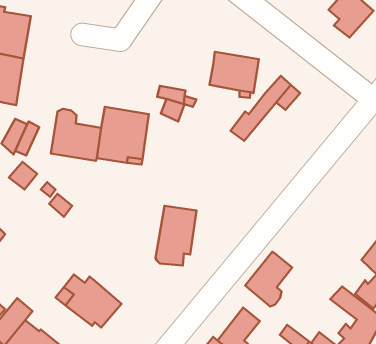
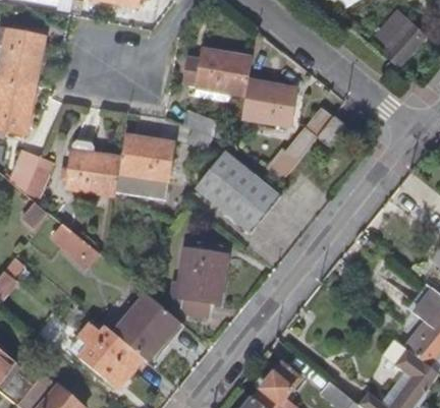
building: none -> [184,47,253,99]
building: none -> [194,151,279,233]
building: none -> [115,293,180,359]
building: [245,252,292,306] -> none

